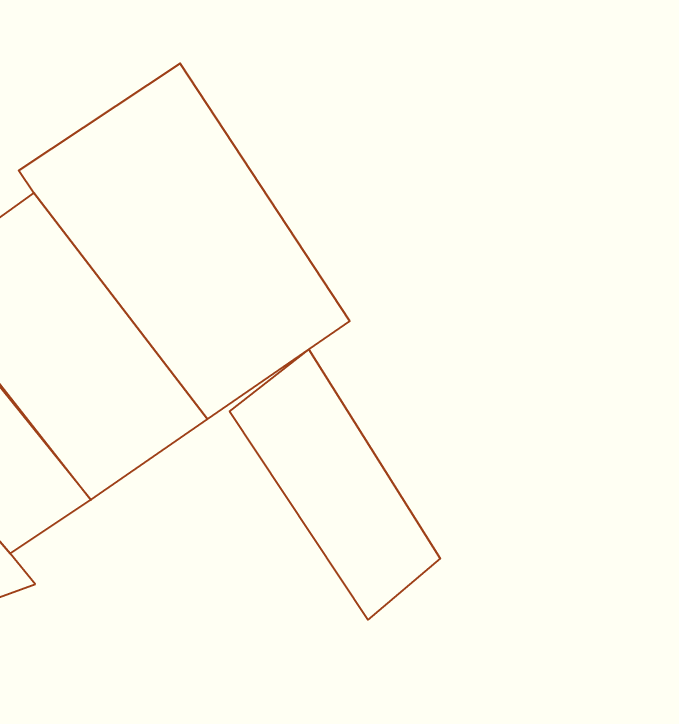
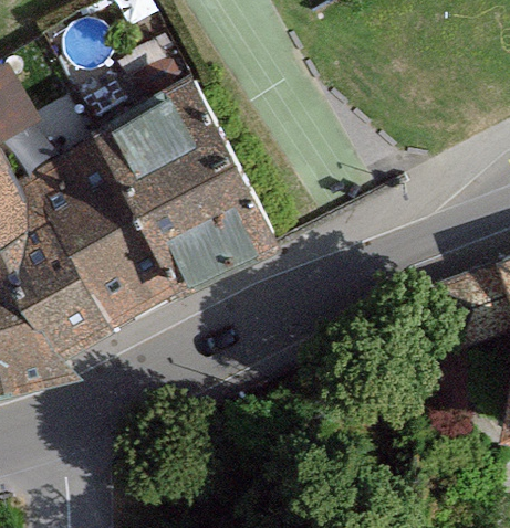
building: [230,349,440,620] -> none

